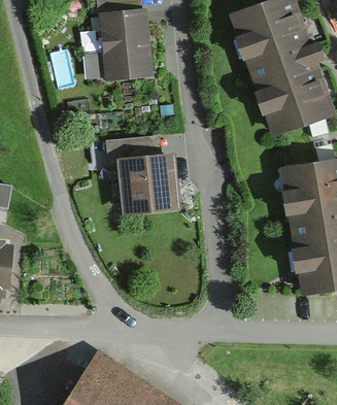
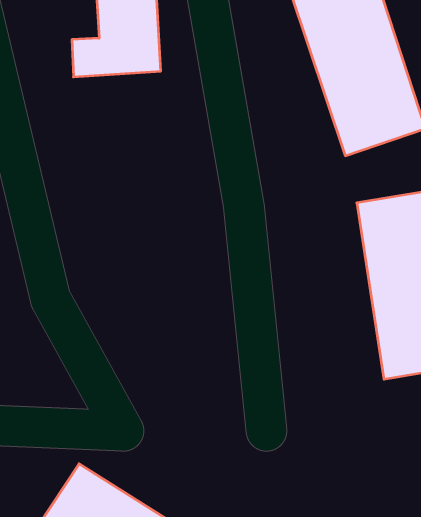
building: [102,138,177,211] -> none

